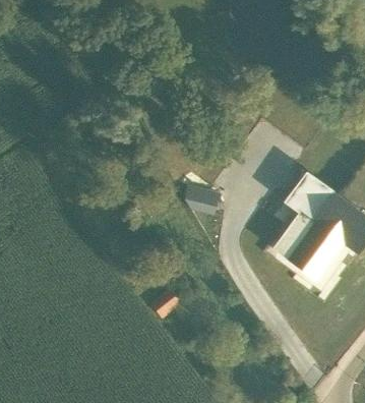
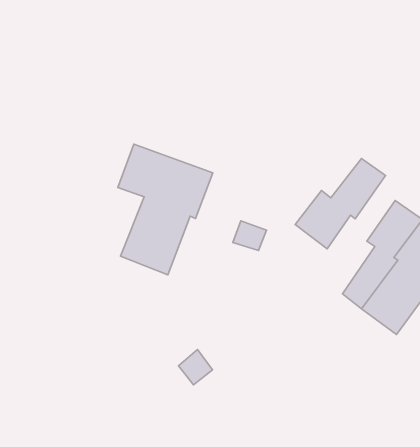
building: none -> [118,144,213,275]
building: none -> [295,159,386,249]

